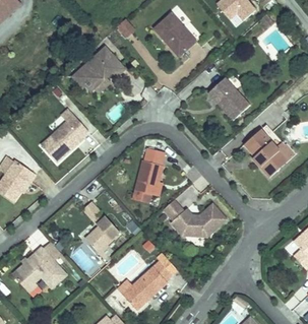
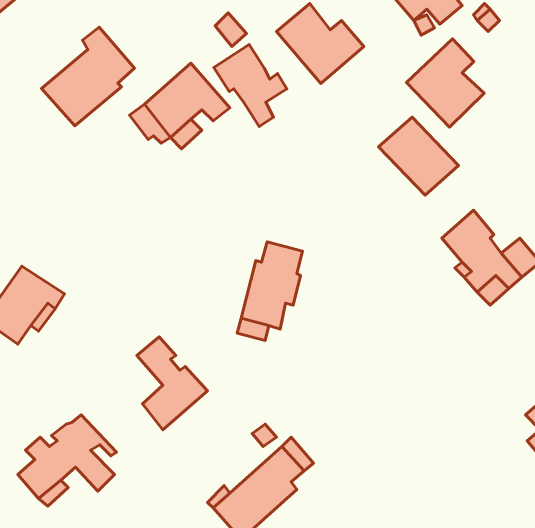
building: none -> [407,39,484,127]
building: none -> [214,44,287,127]
building: [40,110,90,164] -> [42,27,134,126]
building: [162,199,228,237] -> none

